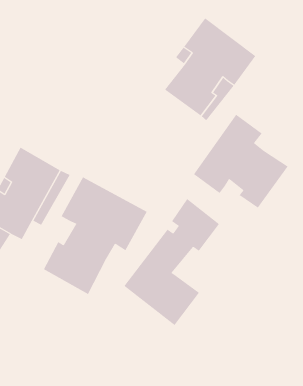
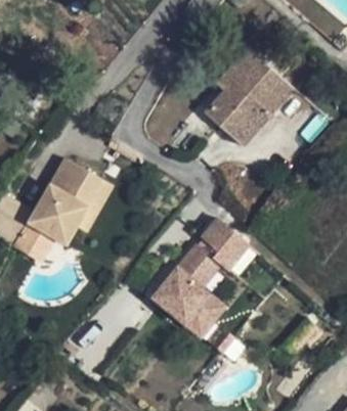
building: [193,114,289,209] -> none
building: [43,177,148,295] -> none

